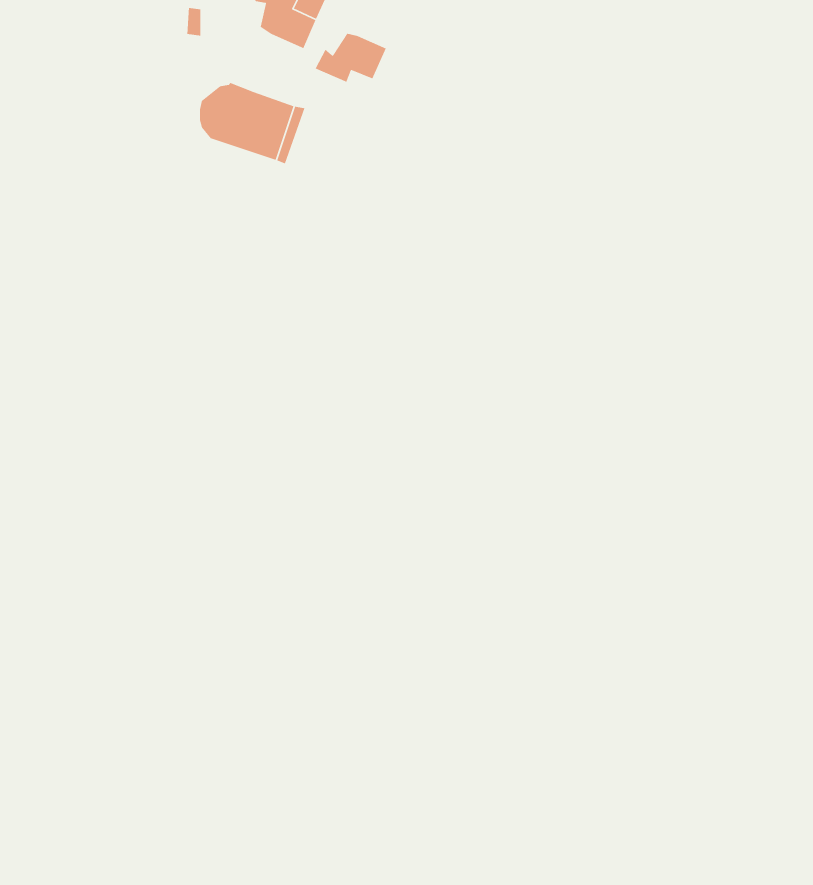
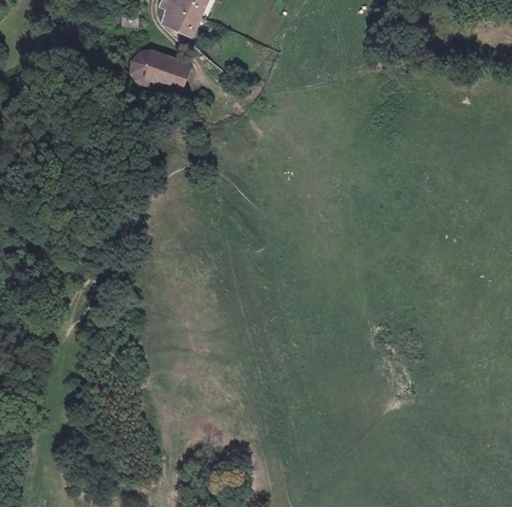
building: [315,33,387,83] -> none

